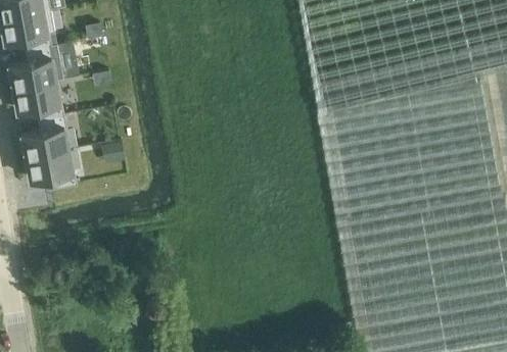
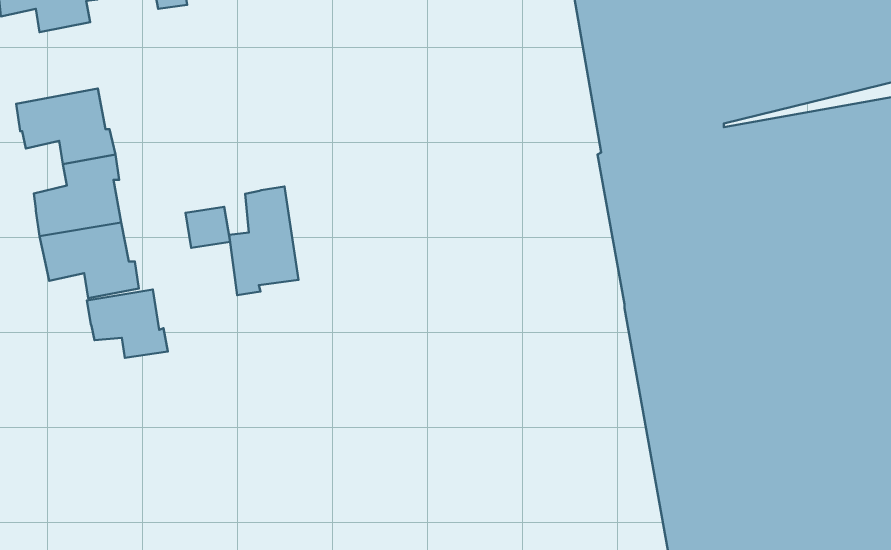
building: [10,43,65,87] -> none
building: none -> [229,186,298,295]
building: none -> [87,289,168,358]

